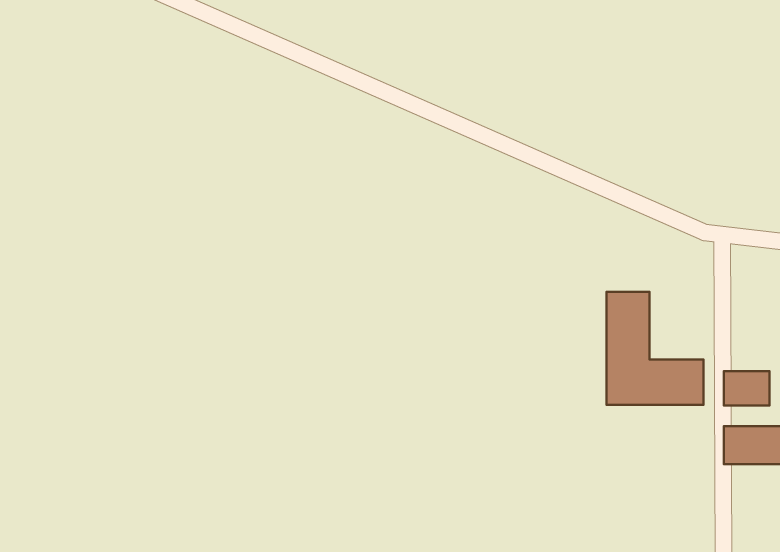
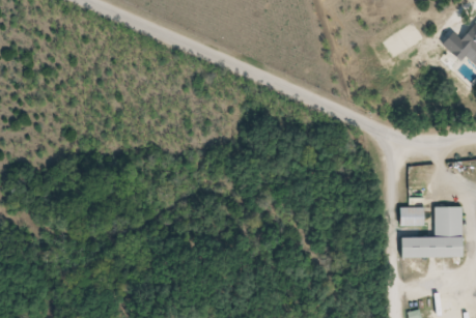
building: [607,292,704,405] -> none

